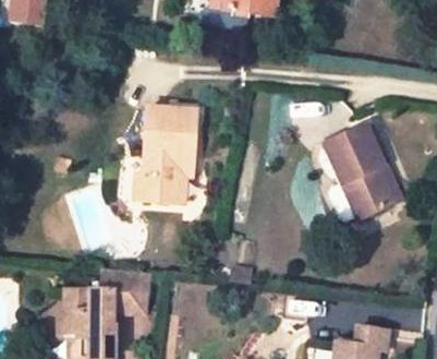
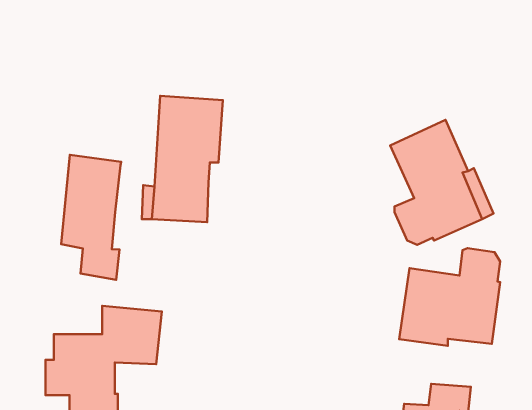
building: none -> [61,155,121,280]
building: none -> [399,248,500,346]

